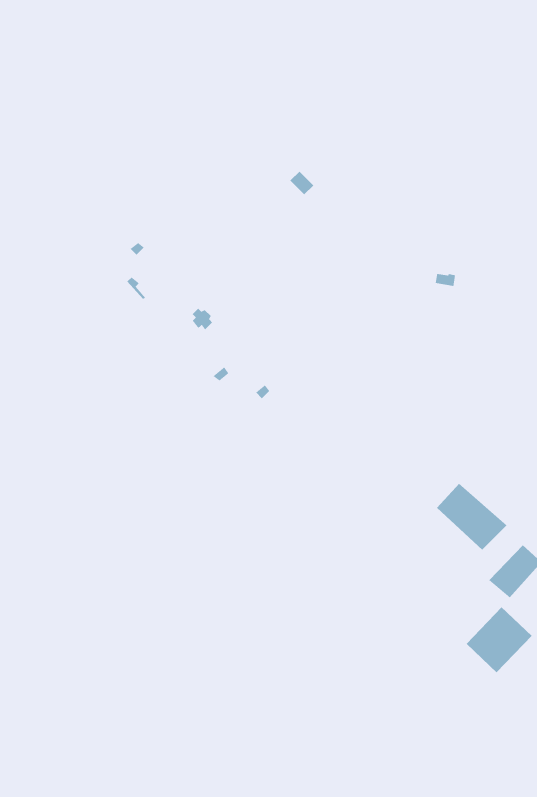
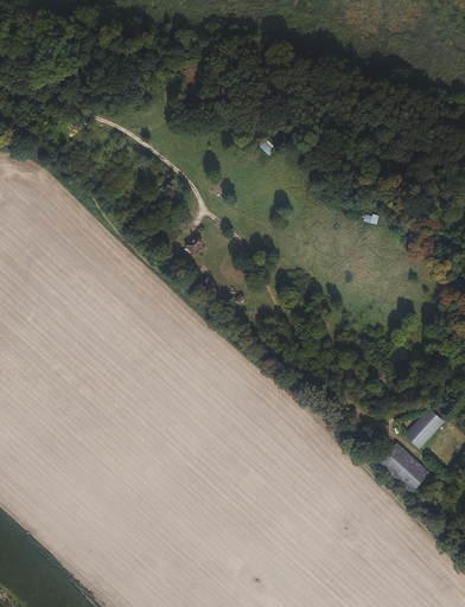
building: [436,483,507,551] -> none

